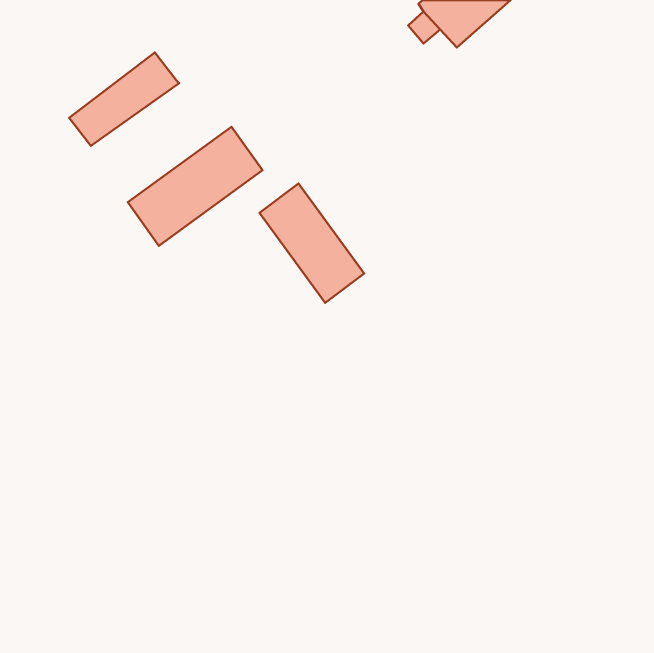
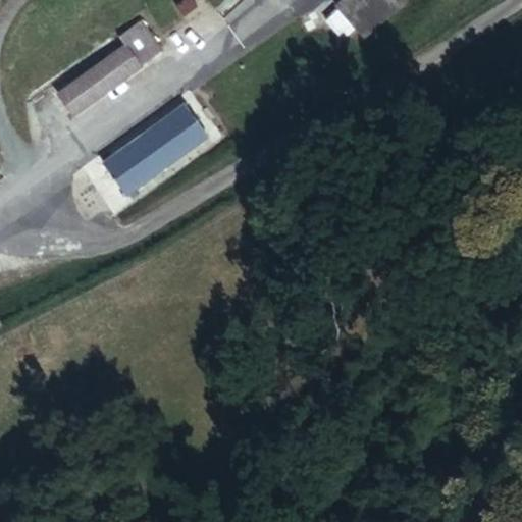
building: none -> [119,20,161,65]
building: [260,184,364,303] -> none

